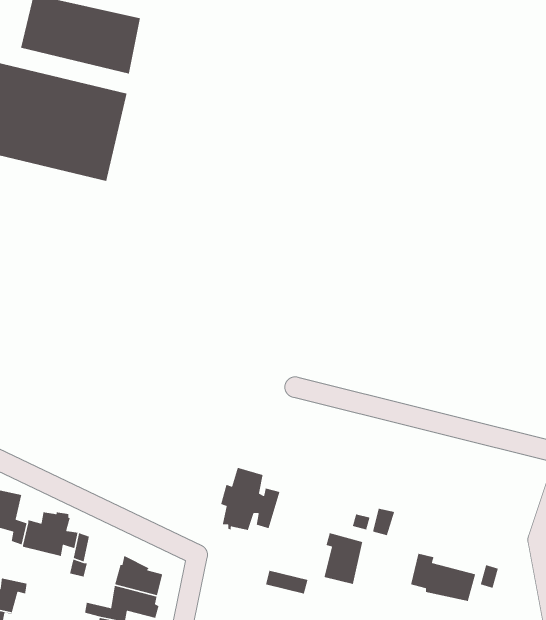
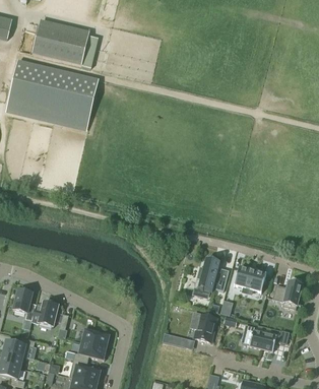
building: none -> [234,266,265,291]
building: [220,467,280,531] -> [196,257,229,291]
building: none -> [272,281,302,309]

